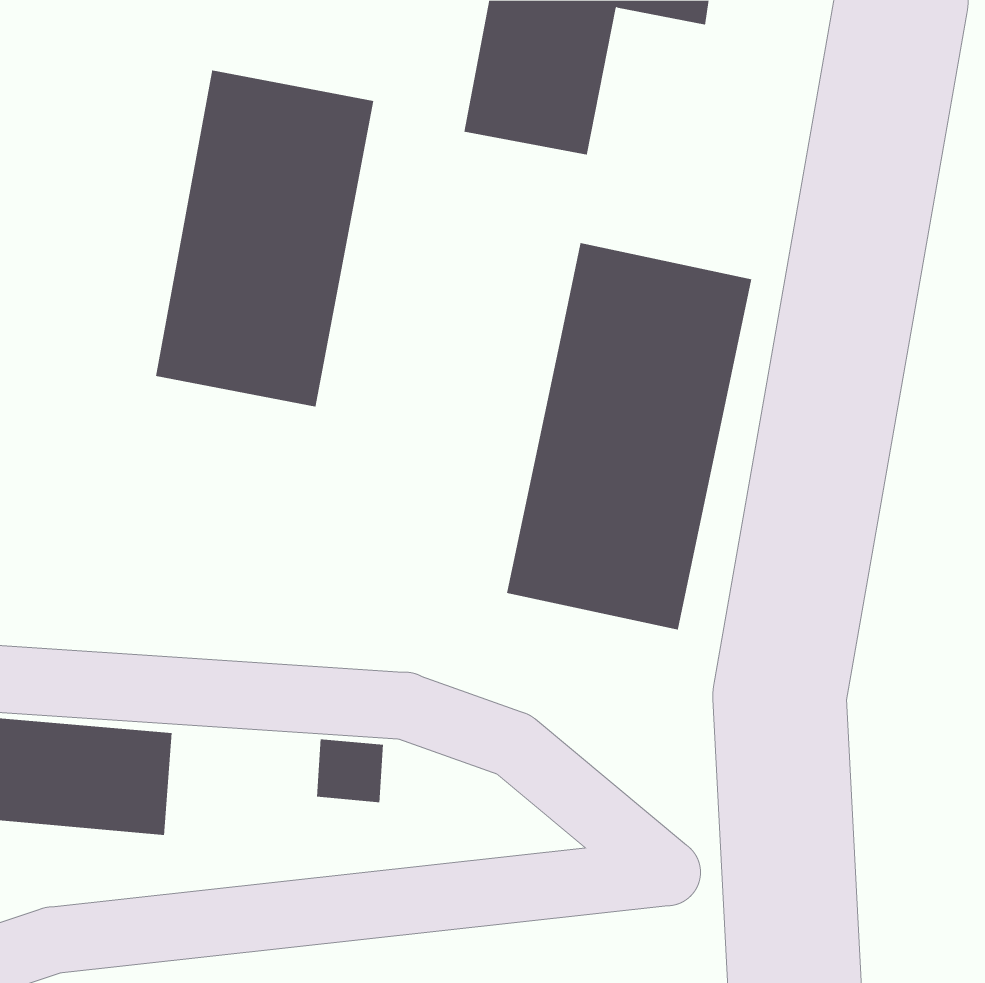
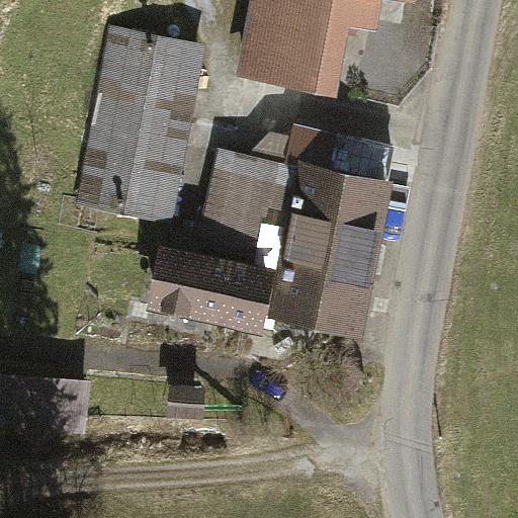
building: none -> [148,163,292,330]

